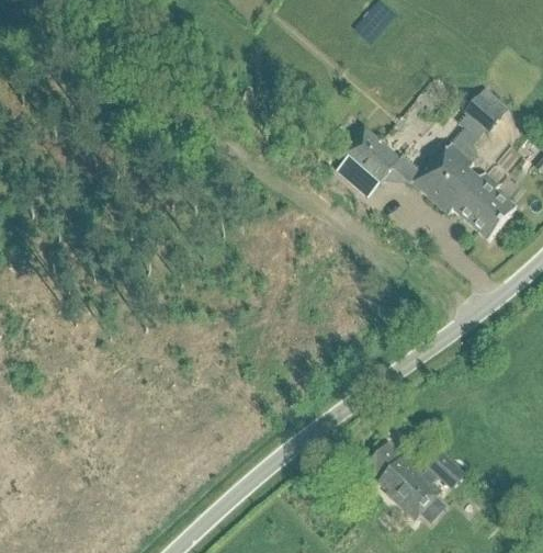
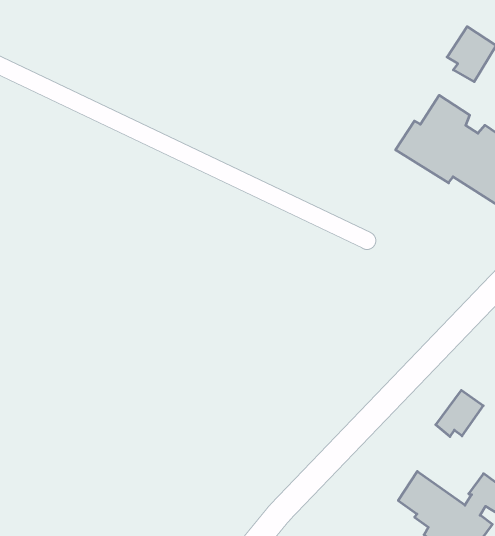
building: [337,127,400,195] -> none
building: none -> [436,390,483,437]

